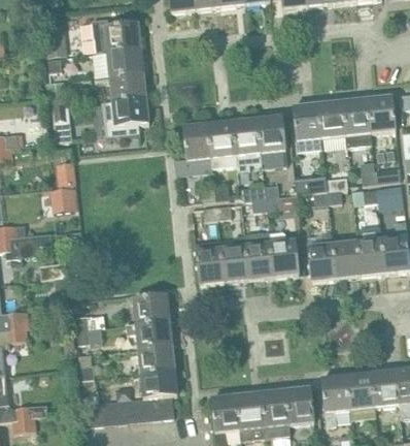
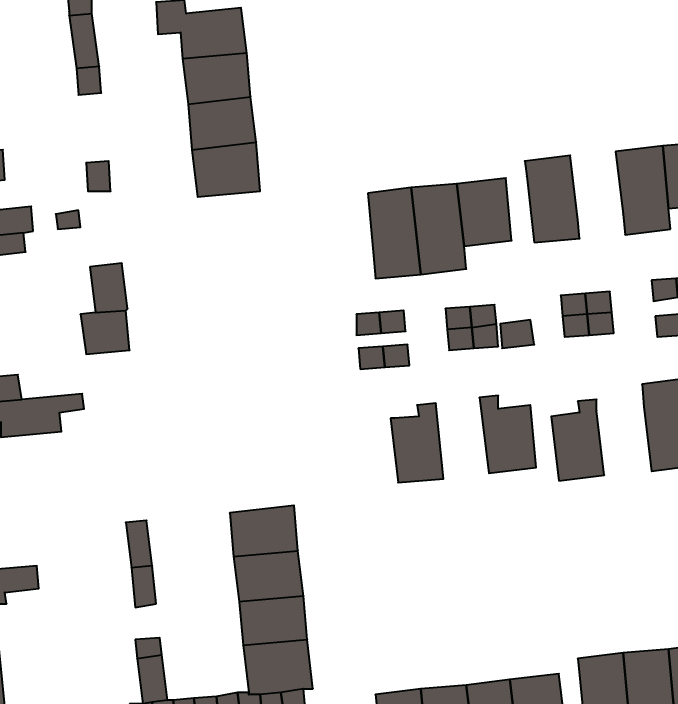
building: [317,101,346,138] -> none
building: [182,124,210,160] -> none
building: [243,232,273,280] -> none
building: [196,241,224,285] -> none
building: [332,241,362,278] -> none

